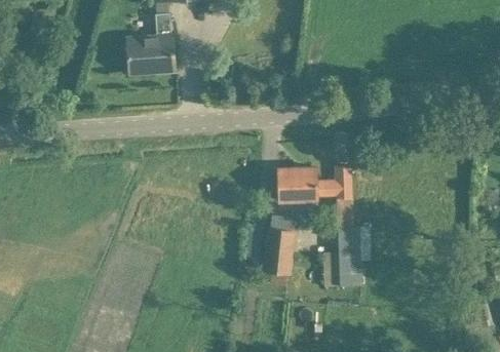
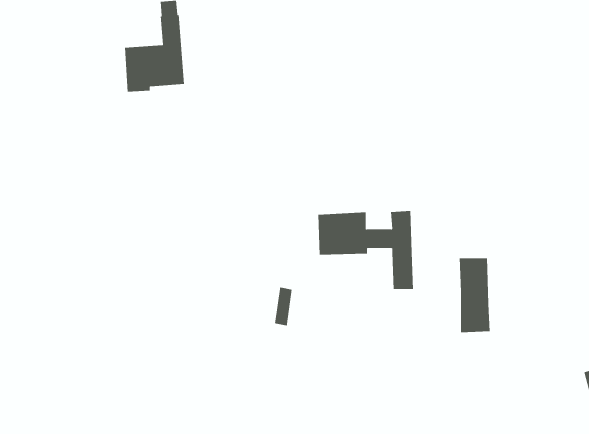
building: [266,219,296,276] -> none
building: [338,230,362,288] -> [459,258,490,333]

